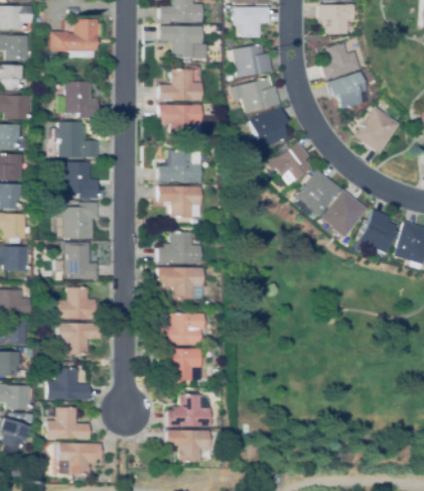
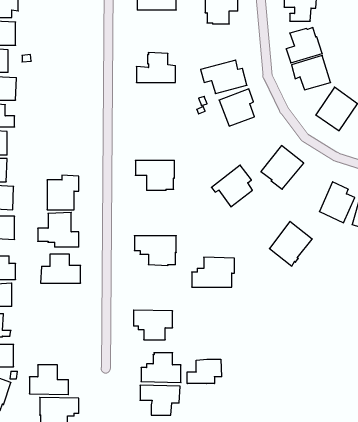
building: [51,19,103,58] -> none
building: [160,25,203,57] -> none
building: [233,43,273,78] -> none
building: [65,82,99,118] -> none
building: [159,105,202,136] -> none
building: [58,122,99,157] -> none
building: [267,140,311,186] -> [211,165,252,207]
building: [159,149,202,182] -> none
building: [58,162,98,199] -> none
building: [321,190,368,238] -> [269,221,312,266]
building: [158,231,201,263] -> none
building: [157,313,203,345] -> [192,257,234,287]
building: [56,323,100,355] -> none
building: [45,368,88,399] -> none
building: none -> [187,359,222,384]

